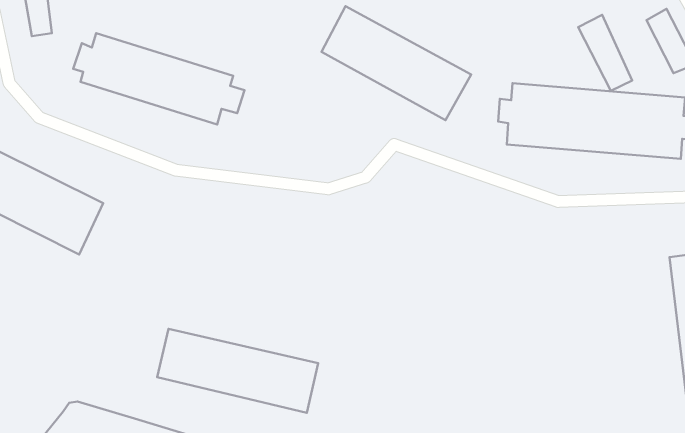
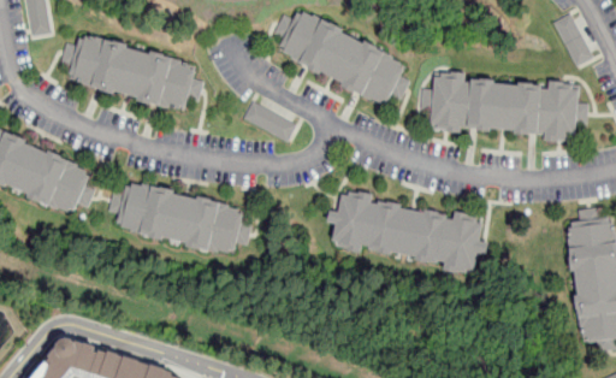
building: [578,15,632,91] -> none
building: none -> [249,99,306,142]
building: none -> [326,189,484,272]
building: [157,329,318,413] -> [113,183,249,254]

